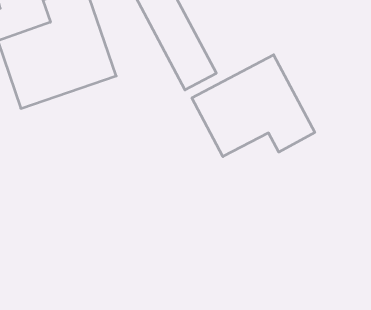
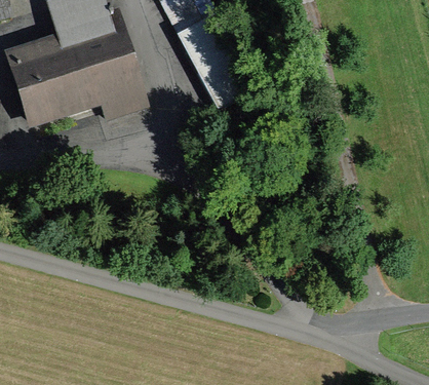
building: [192,55,315,157] -> none

